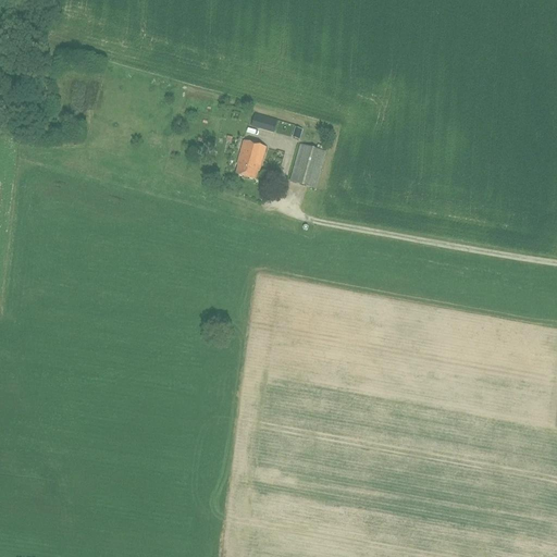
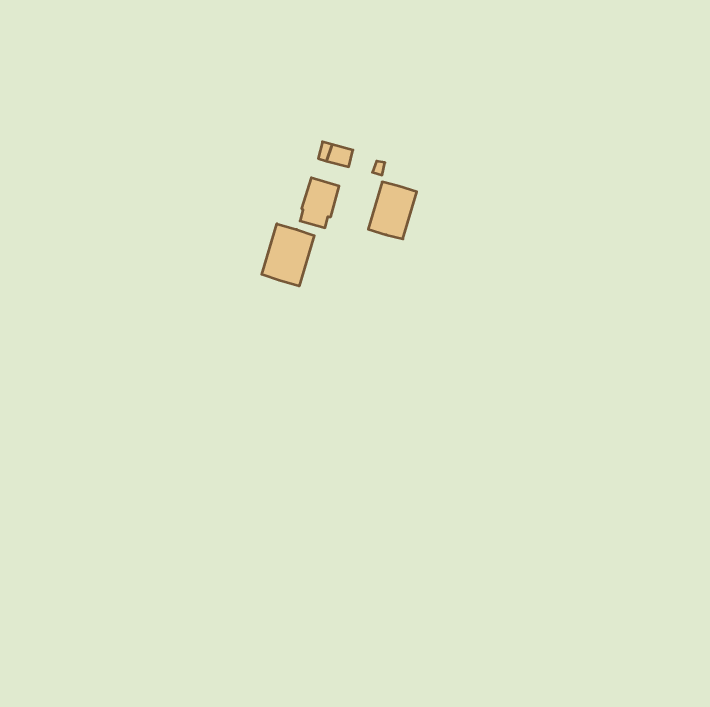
building: none -> [262,224,314,286]

